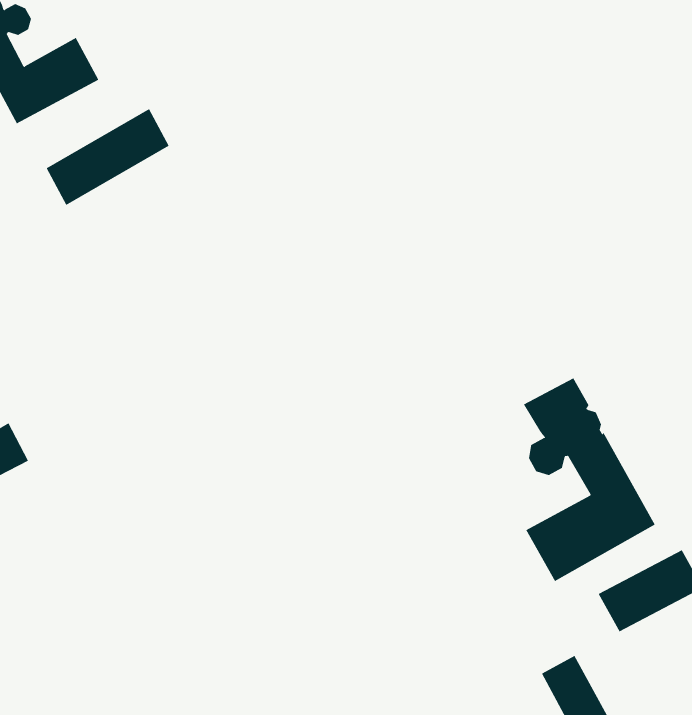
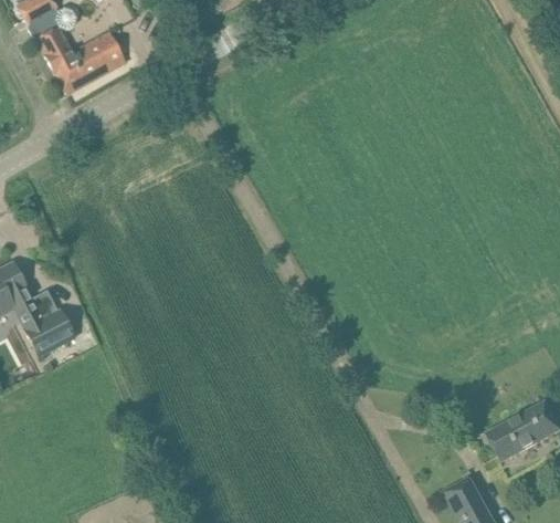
building: [46,108,170,206] -> none
building: [523,378,656,582] -> none

